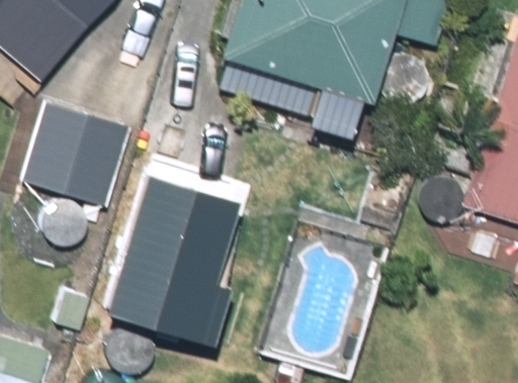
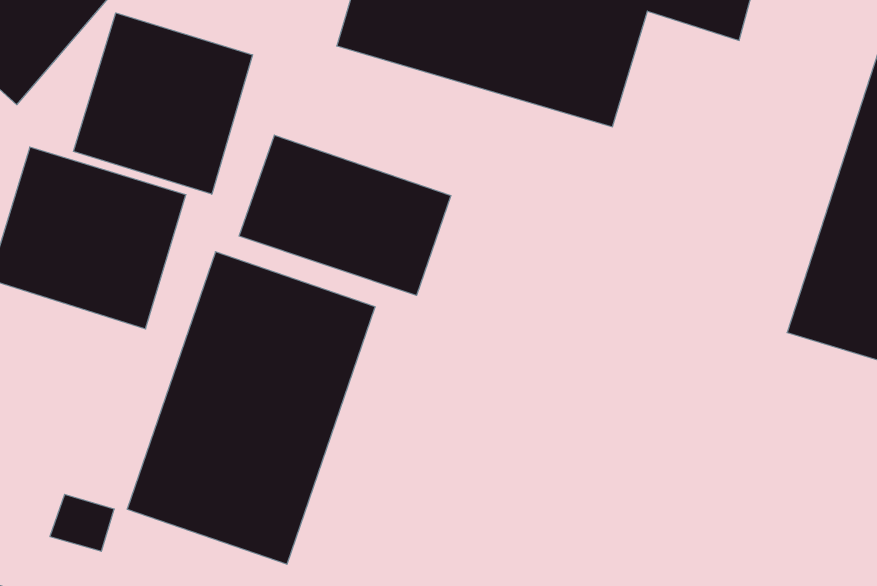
building: none -> [73,13,253,194]
building: none -> [239,135,451,295]

